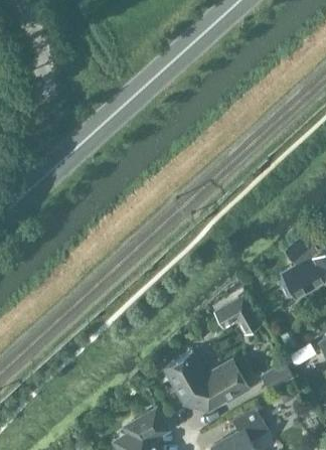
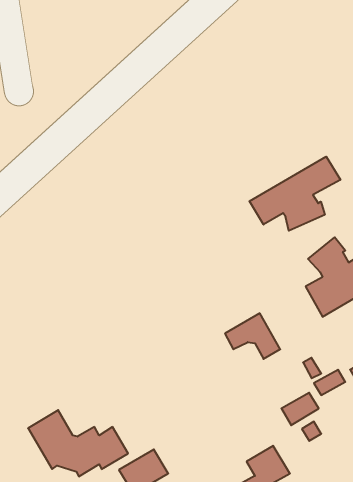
building: none -> [249,157,340,231]
building: [166,353,250,409] -> [28,410,128,476]

